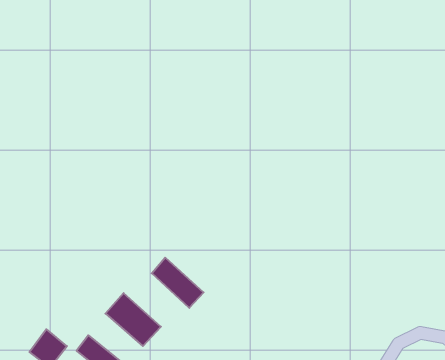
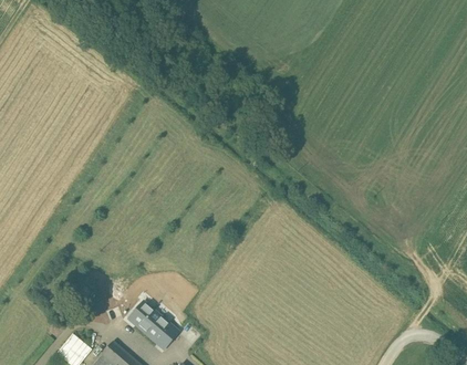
building: [152,258,204,308] -> none

